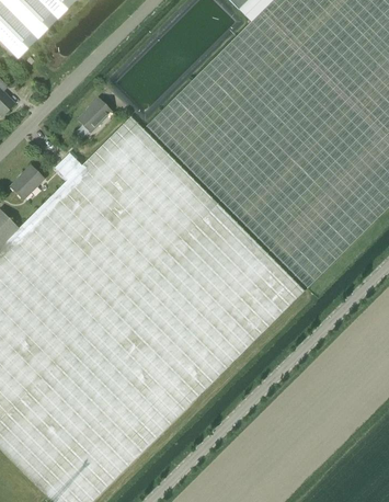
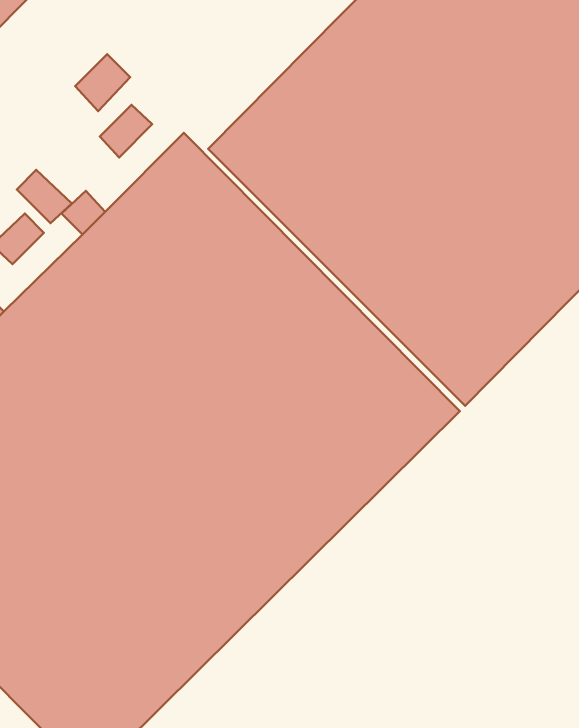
building: none -> [75,54,130,111]
building: none -> [17,170,72,223]

